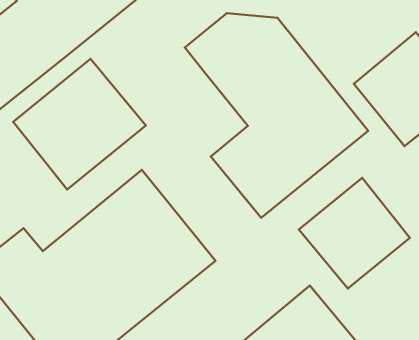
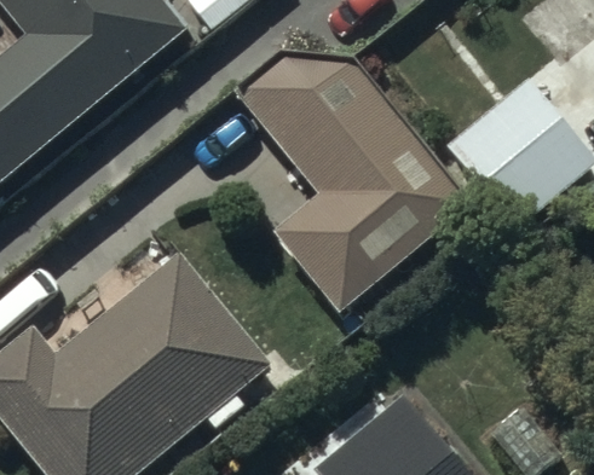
building: [13,59,146,190] -> none
building: [299,178,410,289] -> none

